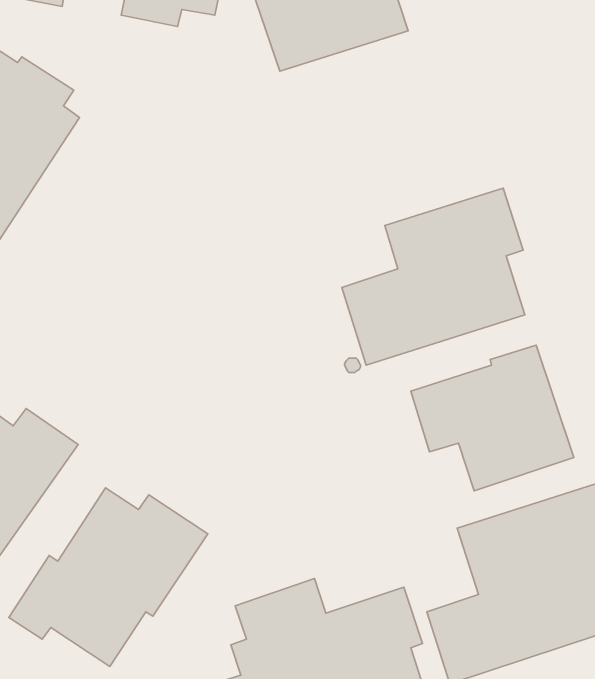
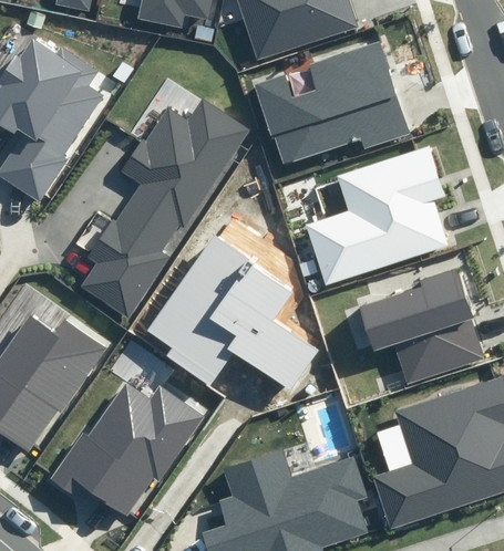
building: none -> [253,42,409,165]
building: none -> [82,104,243,315]
building: none -> [145,232,316,387]

